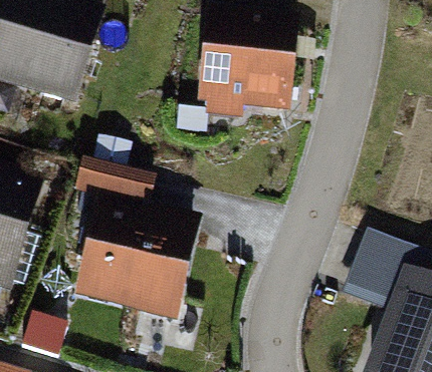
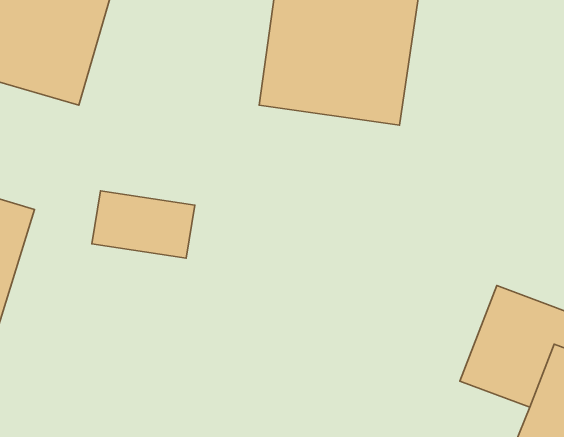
building: [83,221,191,331] -> none

